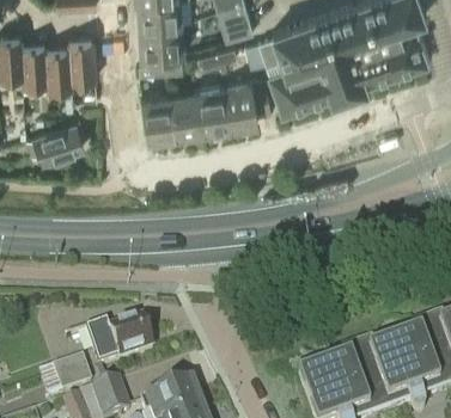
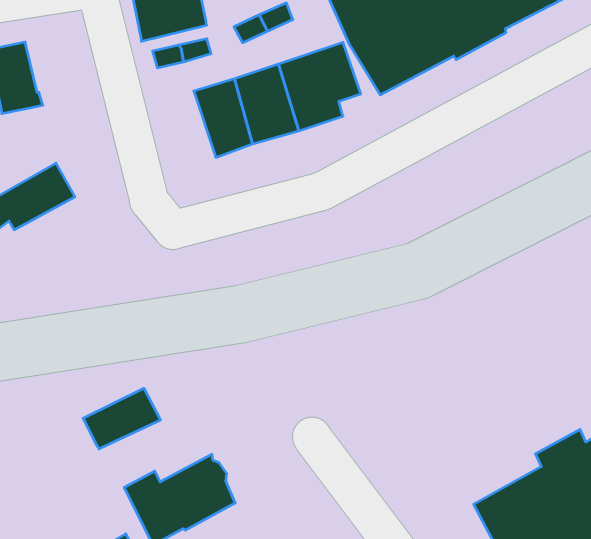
building: [68,37,96,79] -> none
building: [140,93,175,141] -> none
building: none -> [83,388,160,449]

